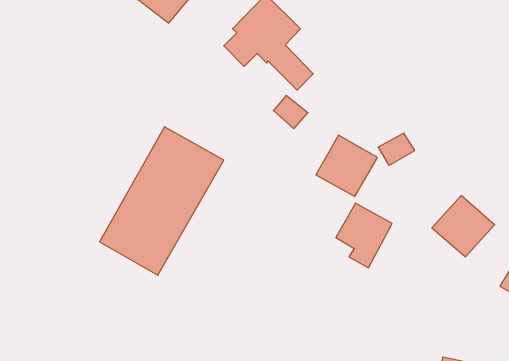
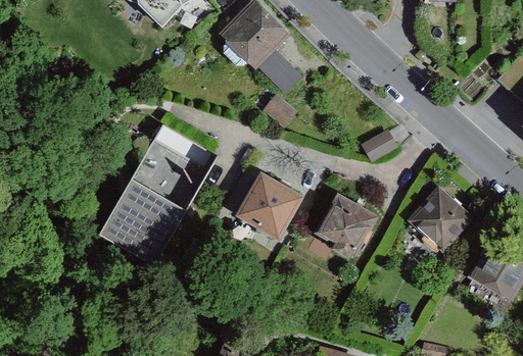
building: [316,135,377,196] -> [243,175,301,234]

